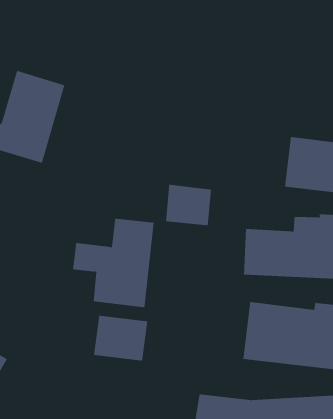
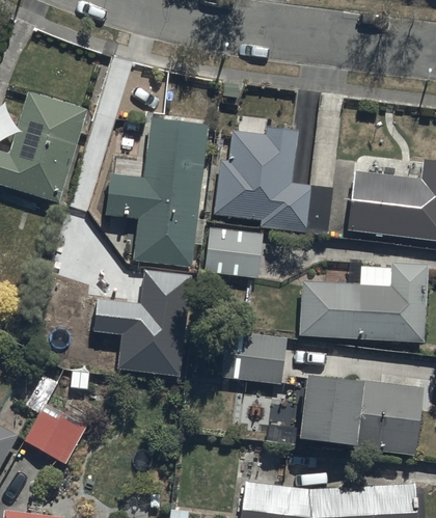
building: none -> [213,114,331,234]
building: none -> [105,119,207,267]
building: [93,315,148,361] -> [220,330,285,385]
building: none -> [23,411,85,466]

